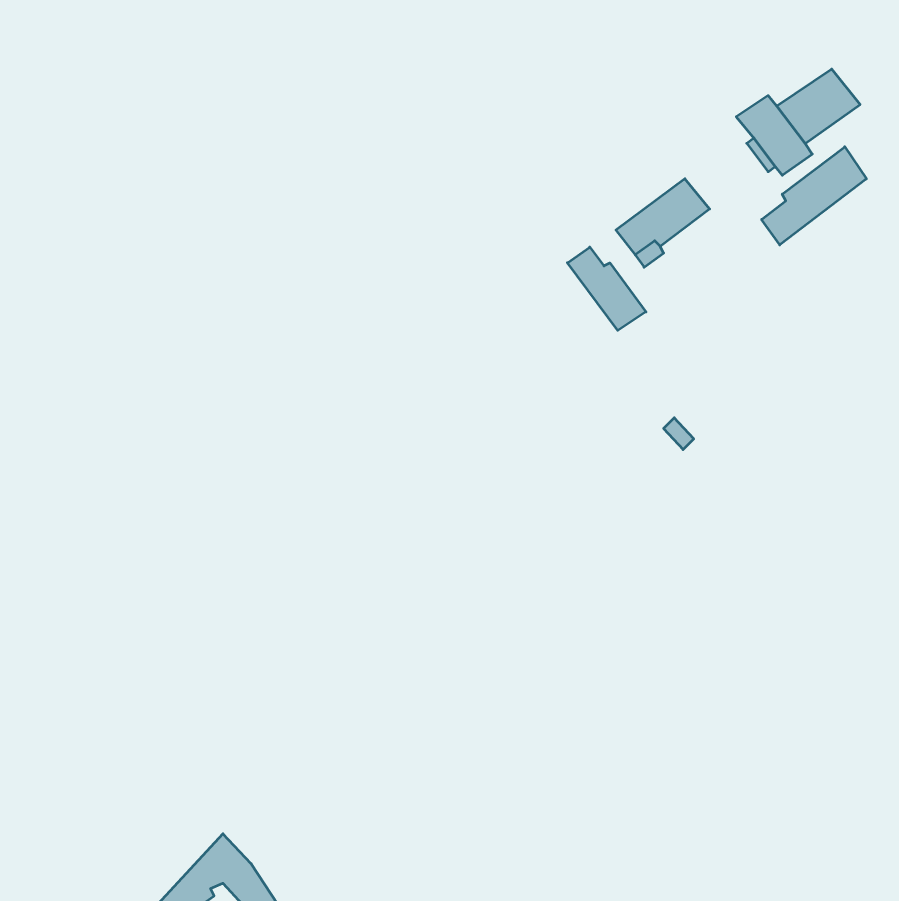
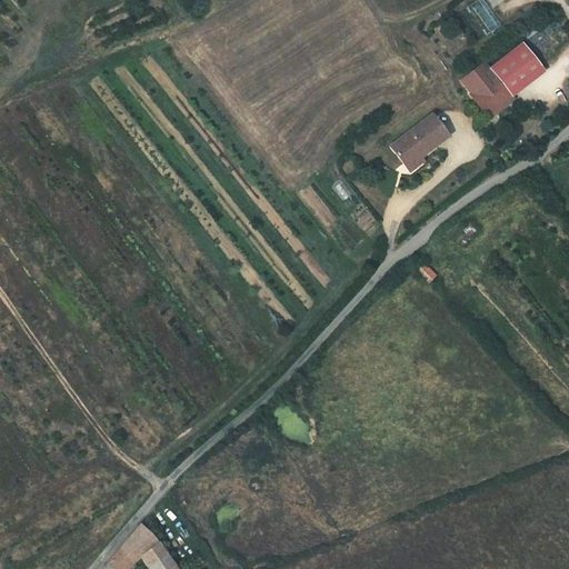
building: [762,147,866,245] -> none
building: [567,247,646,330] -> none

